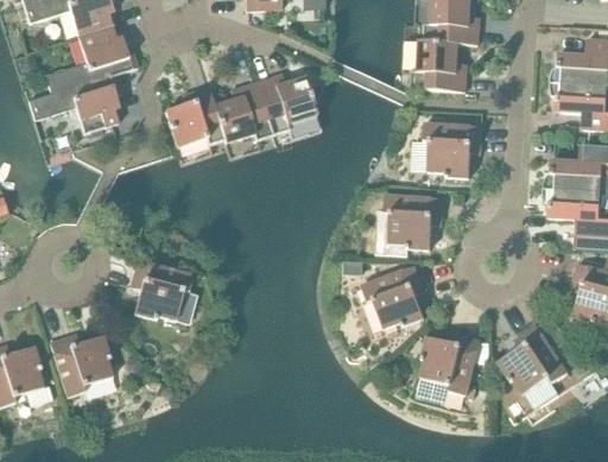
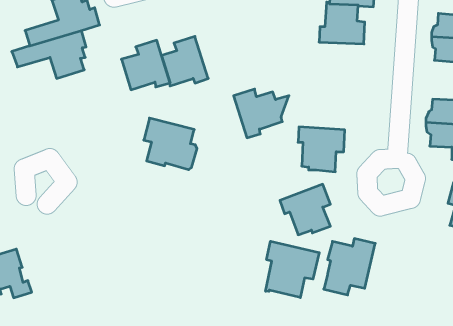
building: [256,72,325,133] -> [234,89,289,138]
building: [424,121,483,177] -> none
building: [131,259,197,323] -> [144,118,197,170]
building: [499,324,569,394] -> none
building: [50,333,113,397] -> none
building: none -> [266,241,319,298]

